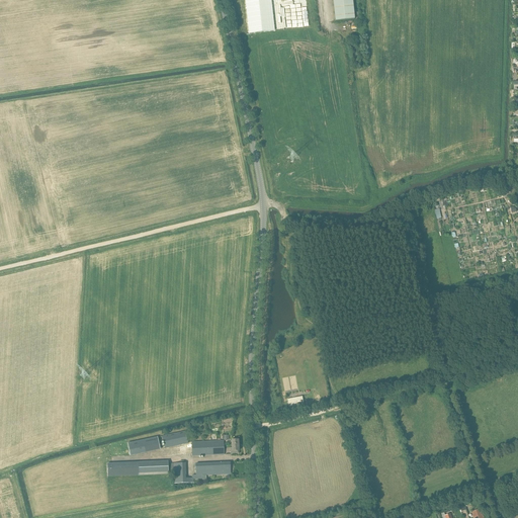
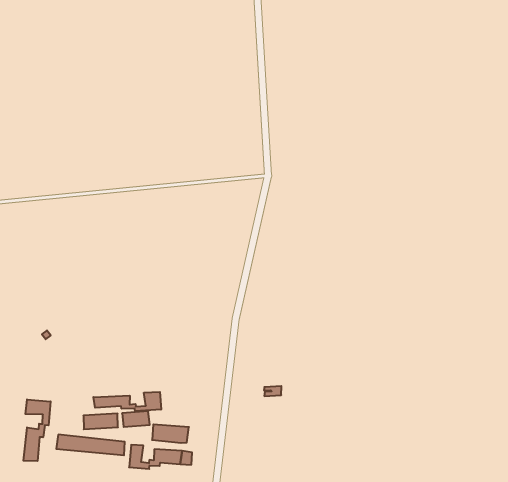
building: none -> [93,392,161,411]
building: none -> [23,399,51,461]

